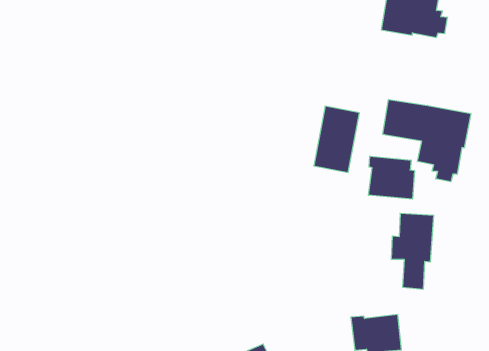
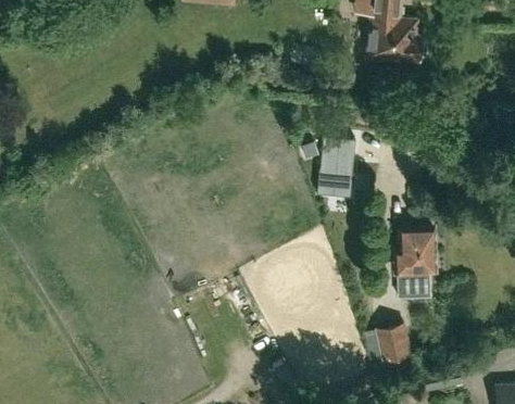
building: [383,100,471,182] -> none
building: [369,156,415,199] -> none

